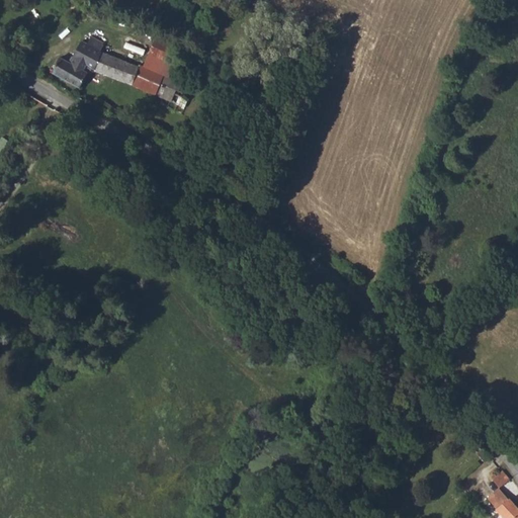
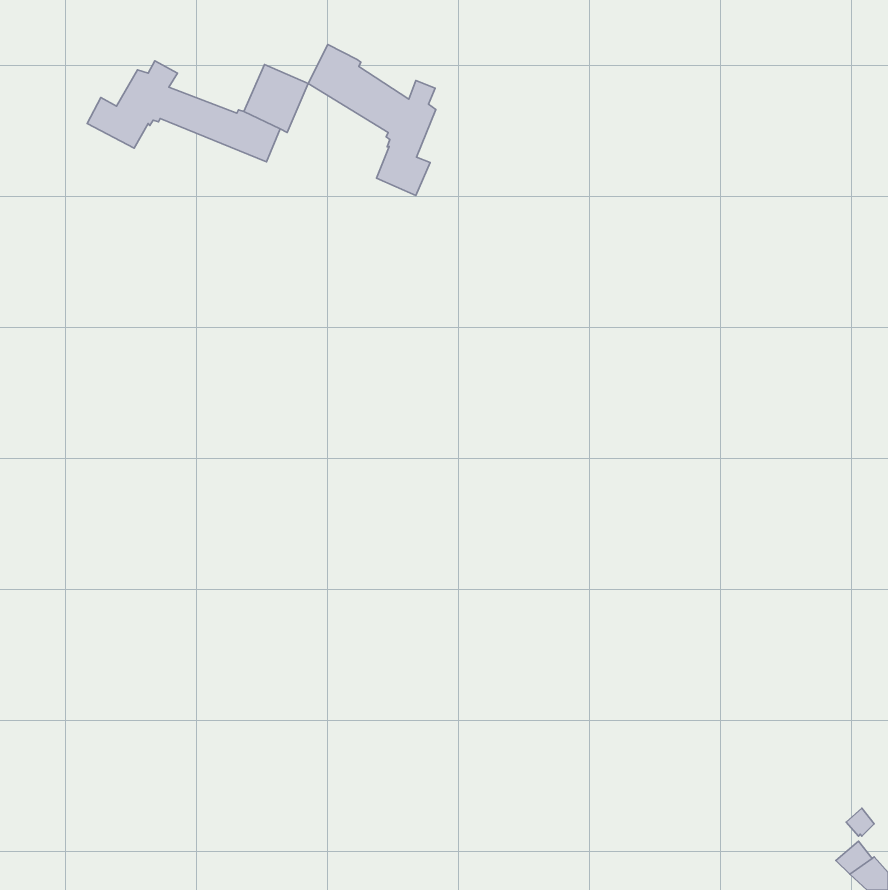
building: none -> [308,45,436,196]

